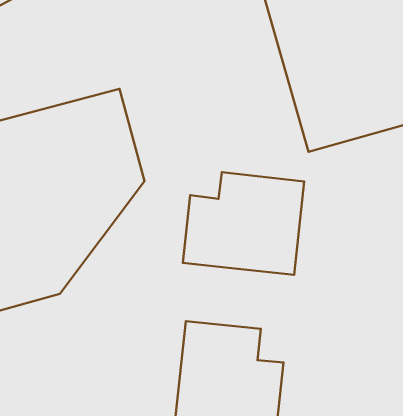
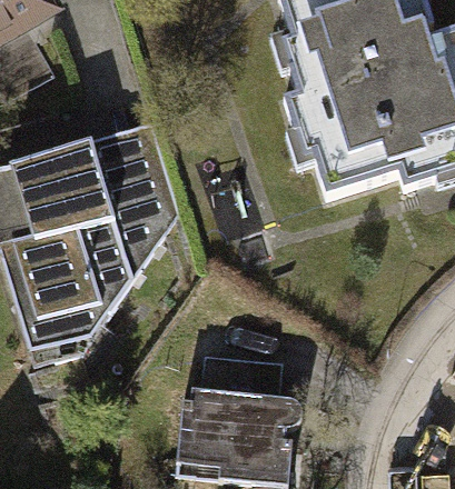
building: [183,172,304,275] -> none

